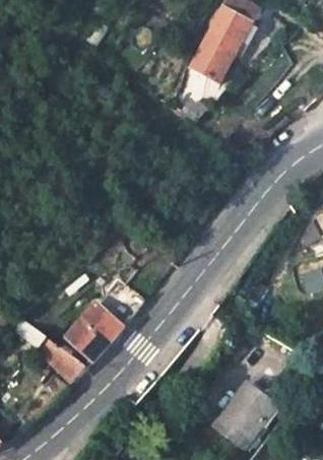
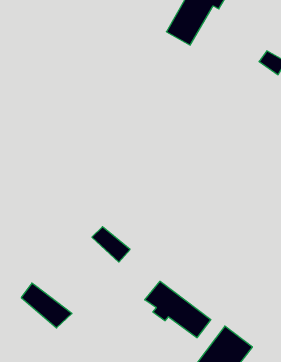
building: [68,302,124,357] -> none
building: none -> [145,281,211,338]

